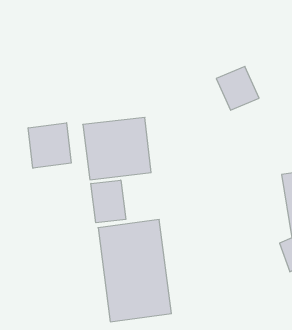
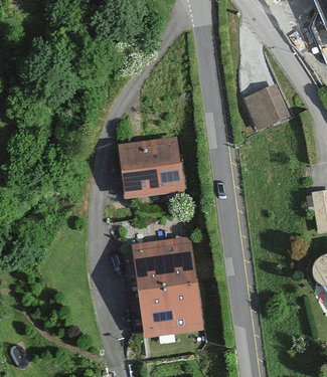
building: [28,123,71,168] -> none
building: [91,180,126,223] -> none

